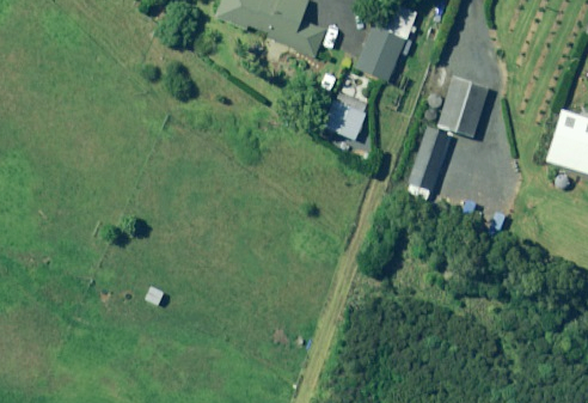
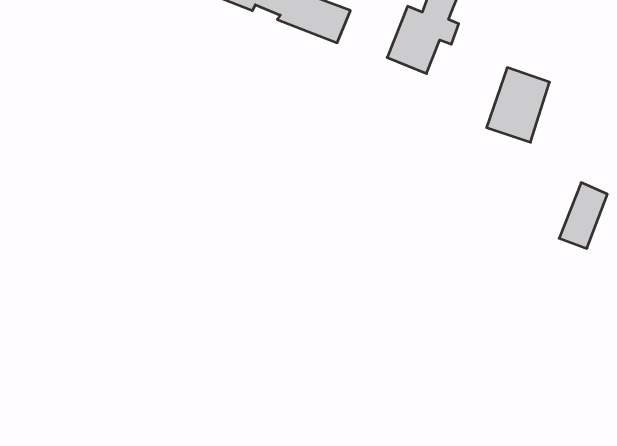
building: [323,92,368,140] -> none
building: [406,138,446,191] -> [559,183,607,248]

